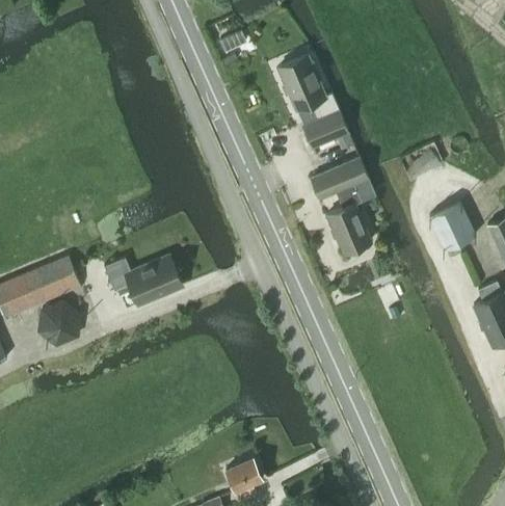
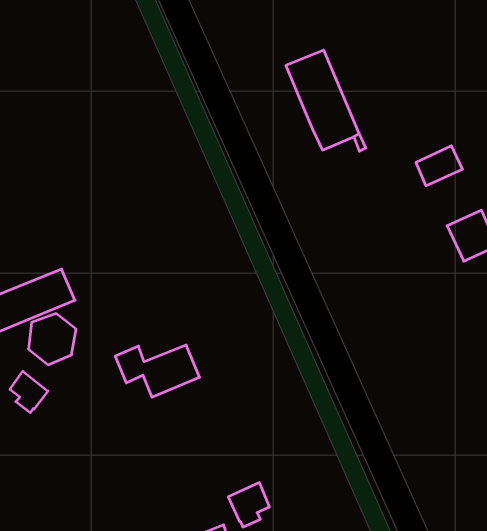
building: [312,158,375,254] -> none
building: [104,258,183,307] -> [115,345,200,397]
building: none -> [10,371,48,413]

